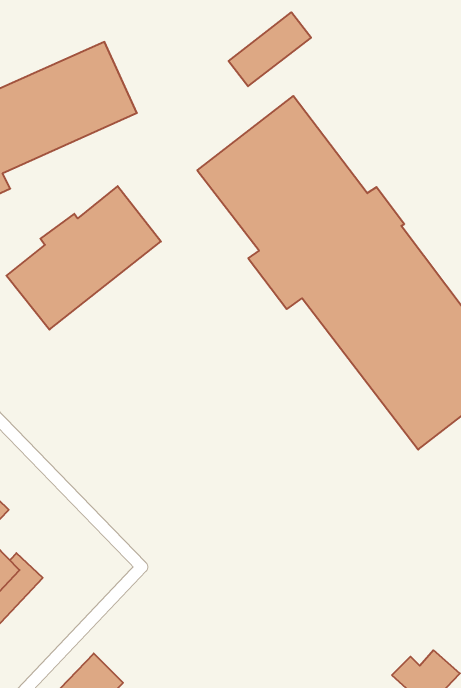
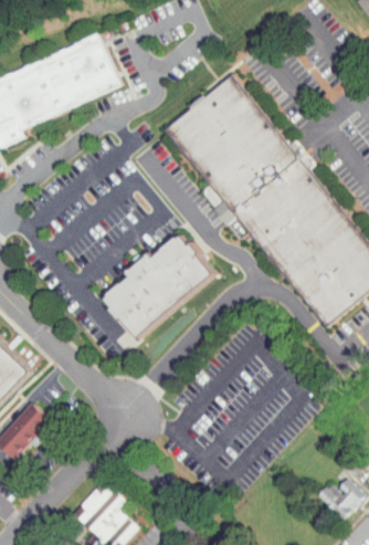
building: [229,12,311,86] -> none
building: [6,186,161,330] -> [104,232,214,335]

